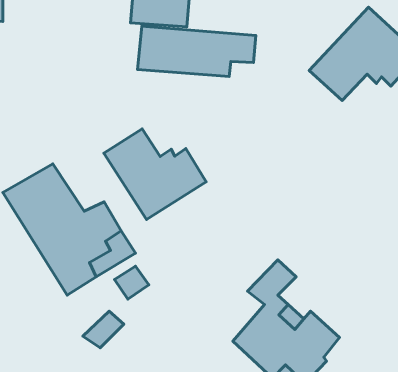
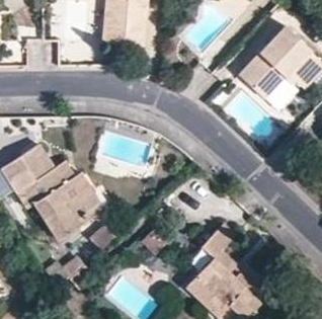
building: [138,26,256,76] -> none
building: [104,129,206,219] -> none

